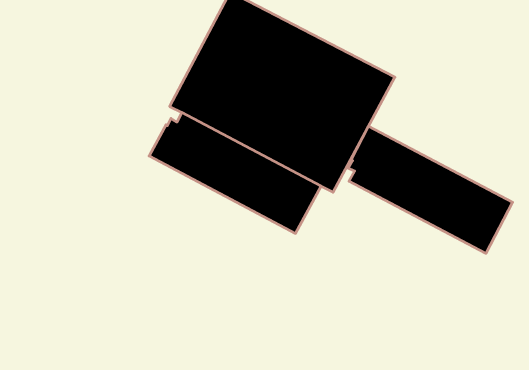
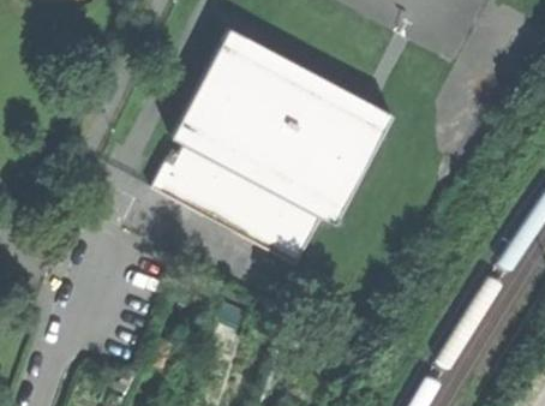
building: [348,126,513,253] -> none

